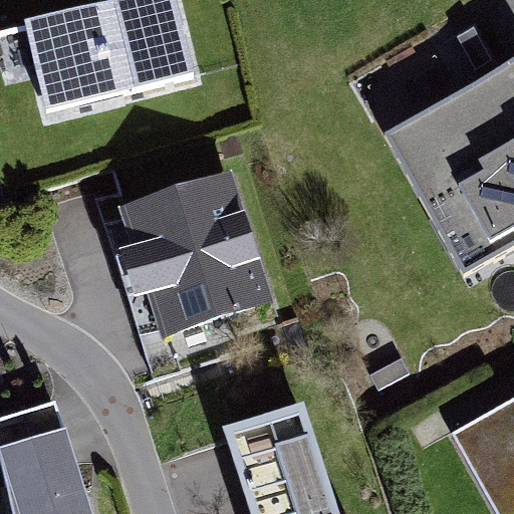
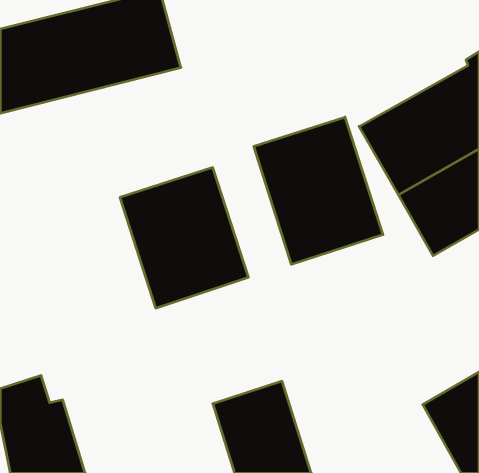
building: none -> [254,117,383,264]

